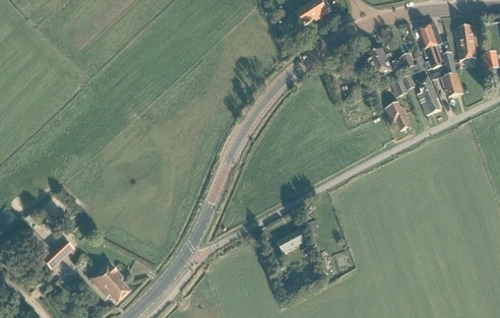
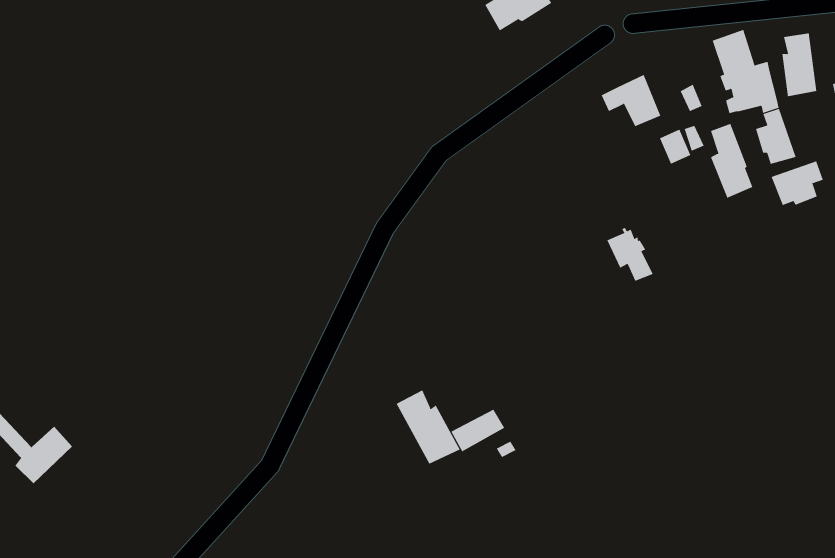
building: none -> [771,161,823,206]
building: [385,101,411,130] -> [607,227,654,282]
building: none -> [396,389,461,465]
building: [89,262,130,304] -> none

